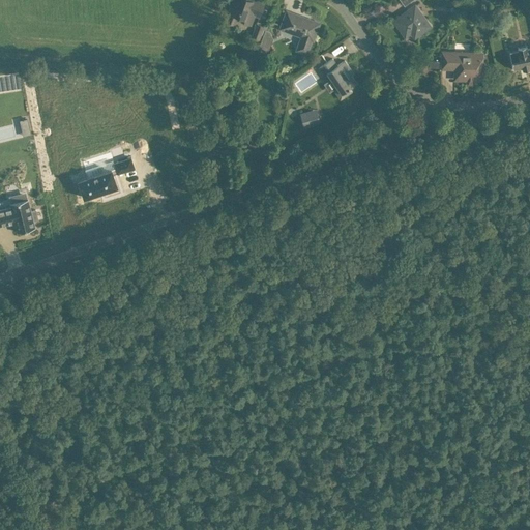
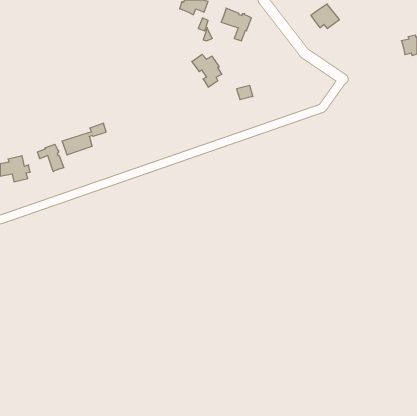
building: [442,52,484,81] -> none
building: [319,59,357,100] -> [192,54,222,87]
building: none -> [37,144,64,172]

